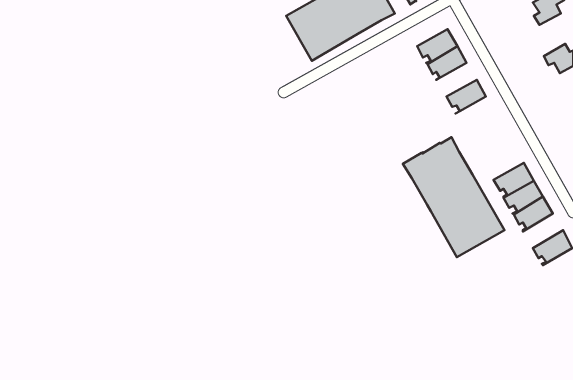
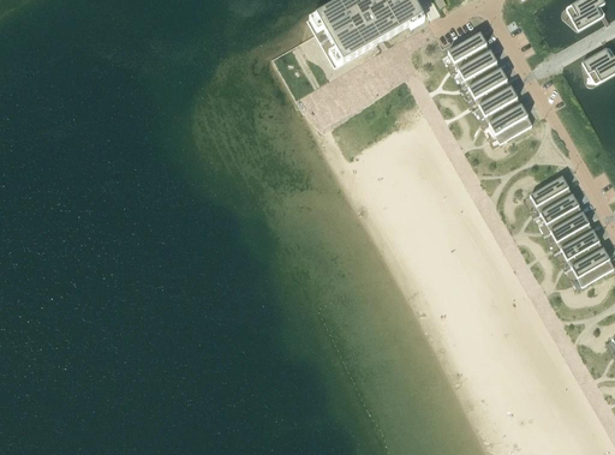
building: none -> [467,70,510,106]
building: none -> [488,106,531,143]
building: [403,137,504,257] -> none
building: none -> [560,231,603,268]

